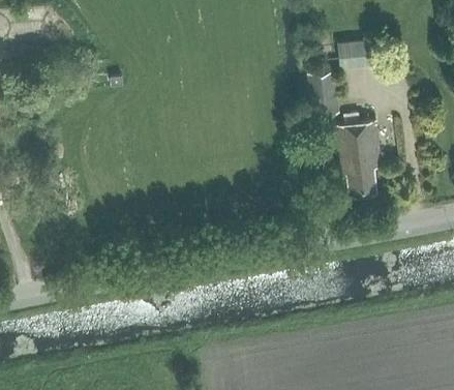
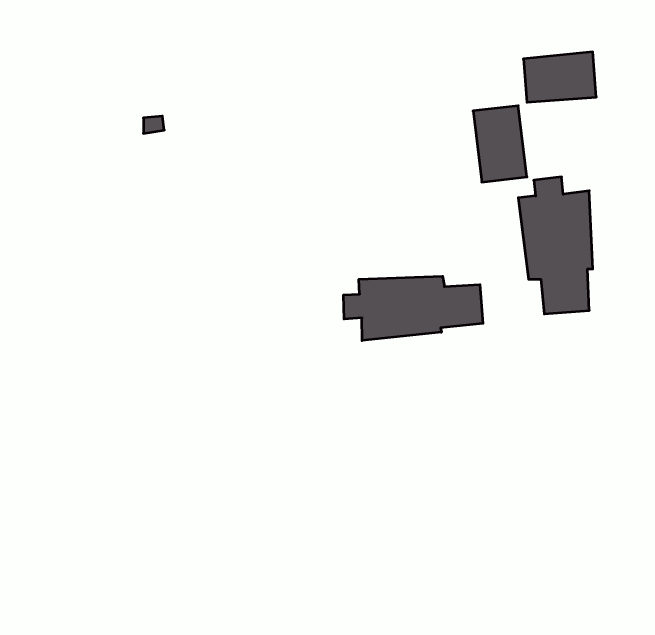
building: none -> [344,276,483,341]

